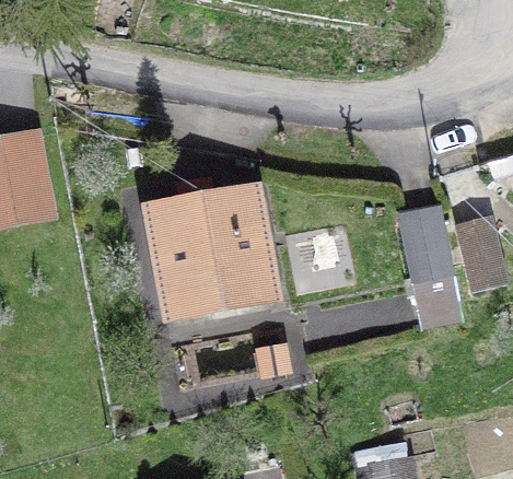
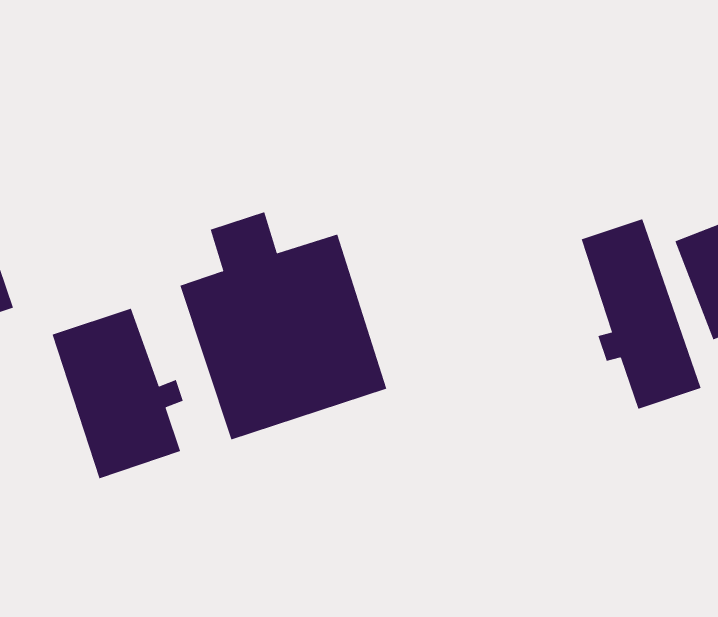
building: none -> [52,308,183,479]

